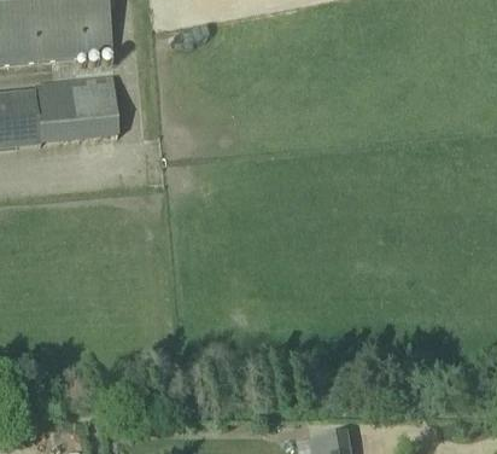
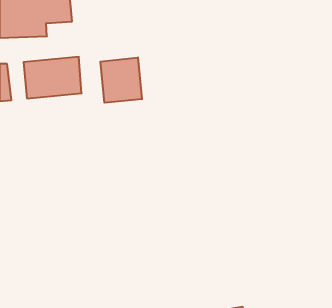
building: none -> [101,57,142,103]

